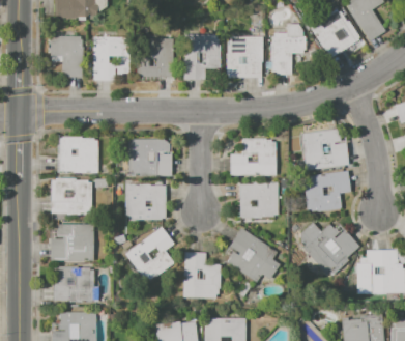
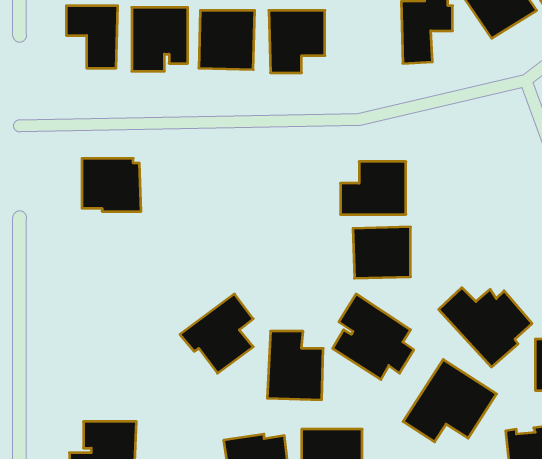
building: [227,37,262,76] -> none
building: [306,129,349,170] -> none
building: [129,140,171,176] -> none
building: [302,171,351,214] -> none
building: [52,179,93,216] -> none
building: [126,186,164,220] -> none
building: [52,225,95,262] -> none
building: [54,267,99,303] -> none
building: none -> [403,359,497,442]

